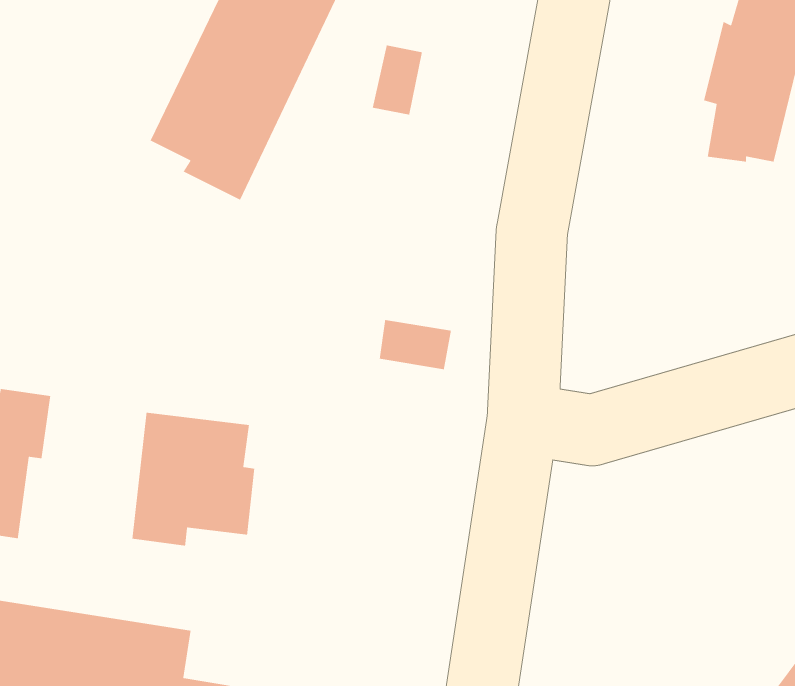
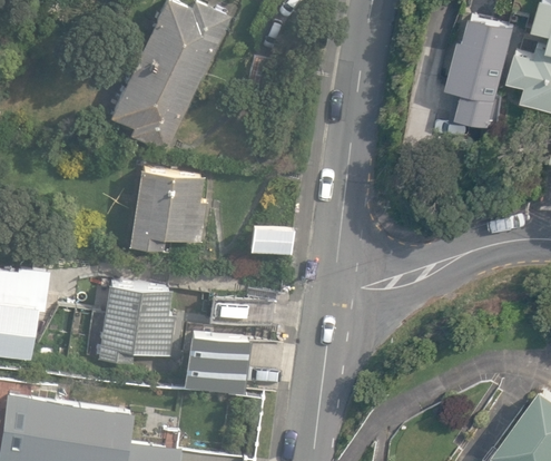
building: none -> [129,168,207,253]
building: none -> [183,333,250,394]

